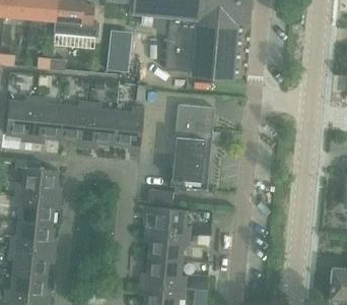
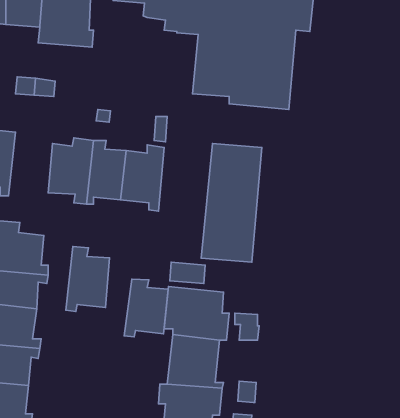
building: [107,44,131,72] -> none
building: [32,96,64,142] -> [66,246,110,312]
building: none -> [124,279,168,337]

